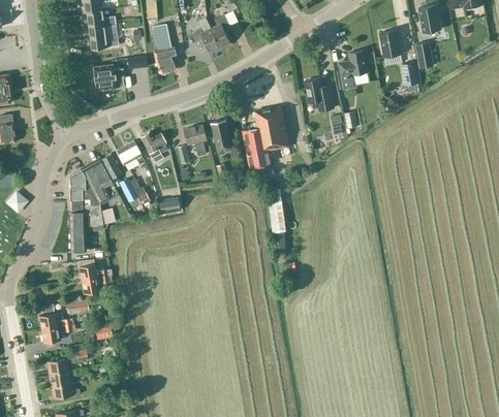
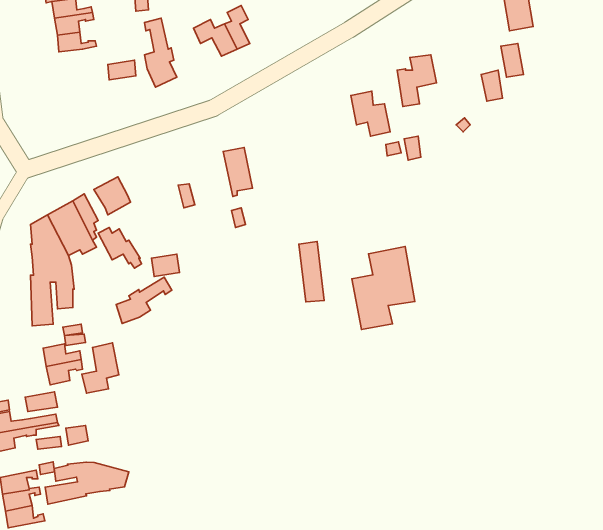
building: [379,30,401,57] -> none
building: [93,63,124,89] -> none
building: [242,106,288,167] -> [352,247,415,330]
building: [184,124,207,155] -> none
building: [139,132,165,163] -> none
building: none -> [116,277,172,323]
building: none -> [82,343,119,393]
building: none -> [45,462,129,504]

